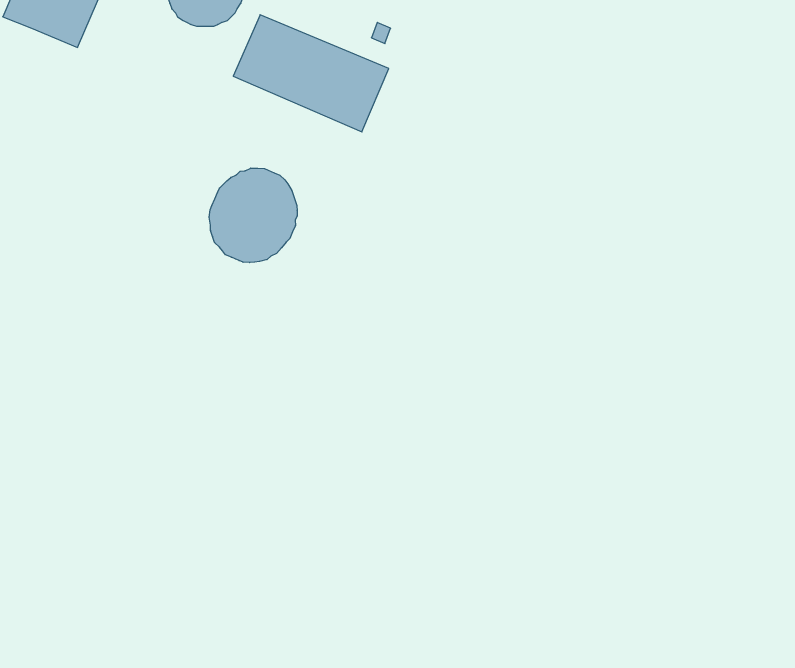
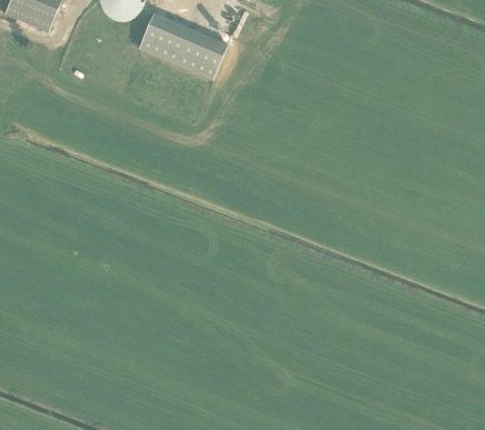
building: [209,168,297,263] -> none

